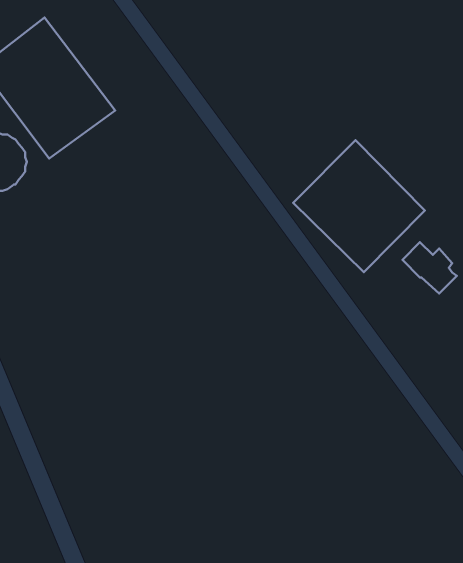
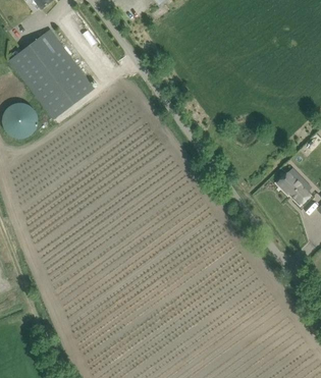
building: [293,140,425,272] -> none

